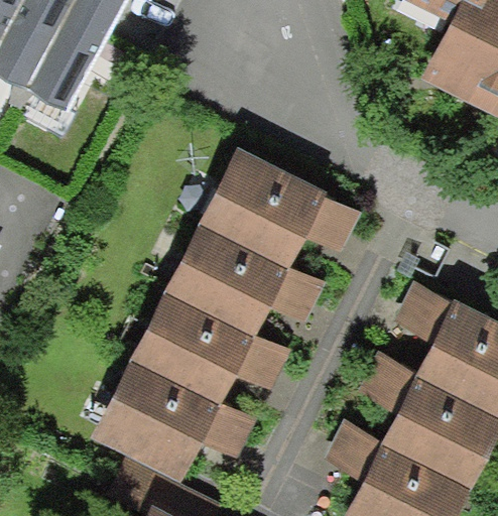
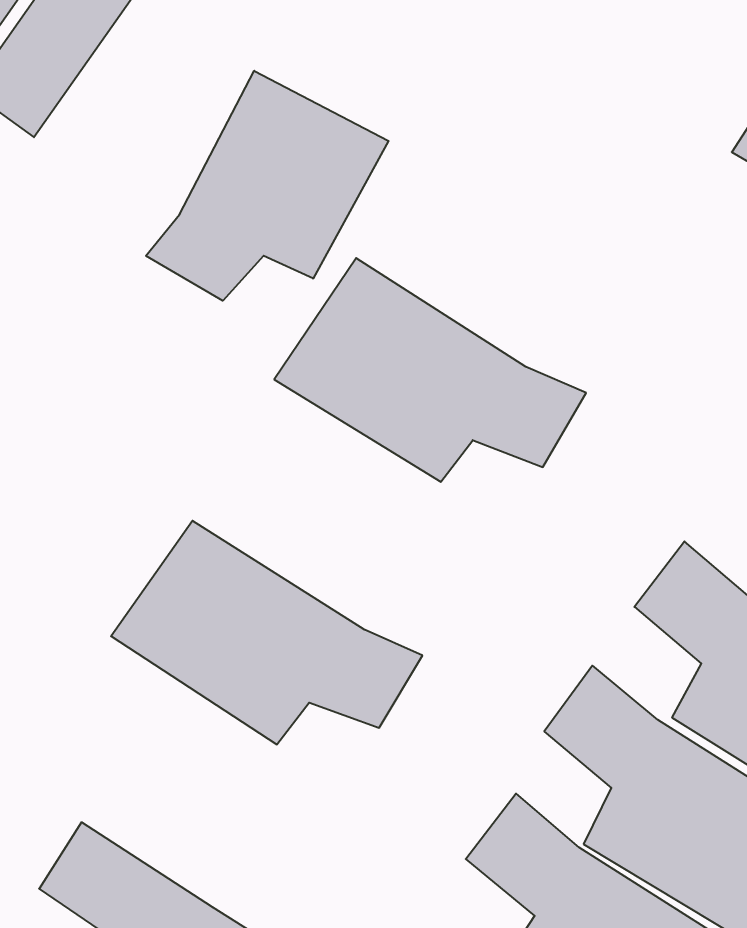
building: none -> [146,71,389,301]
building: [164,226,325,336] -> none
building: [91,363,255,481] -> none

